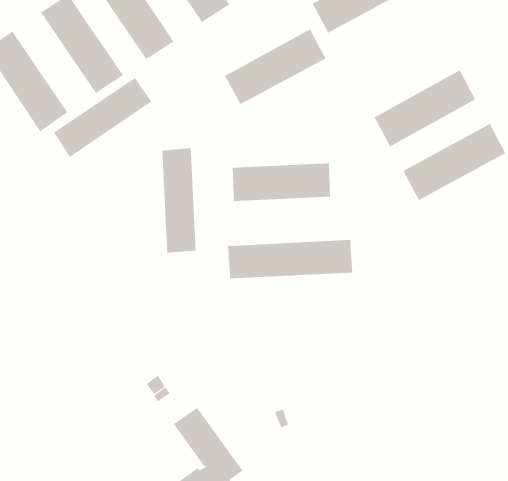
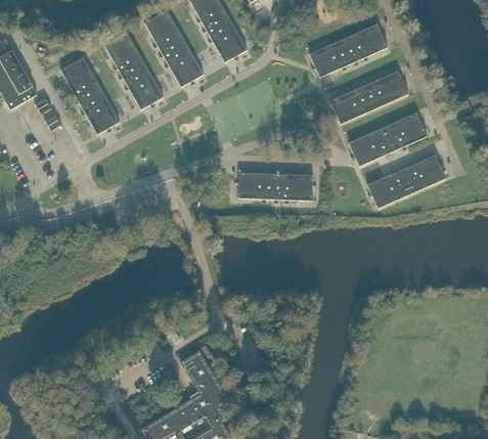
building: [224,28,326,105] -> [330,70,408,123]
building: [53,77,152,158] -> none
building: [162,147,196,253] -> none
building: [227,239,353,279] -> none

